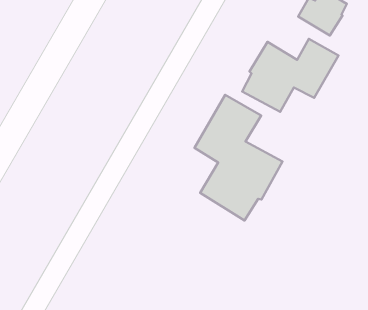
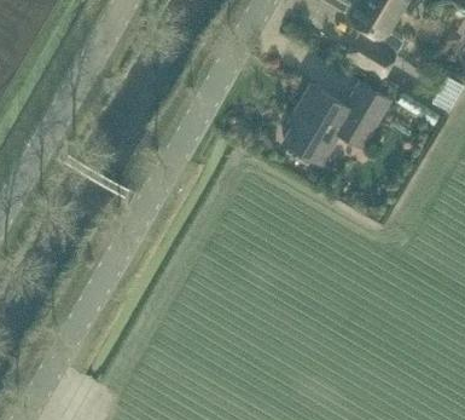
building: [195,95,282,220] -> none

